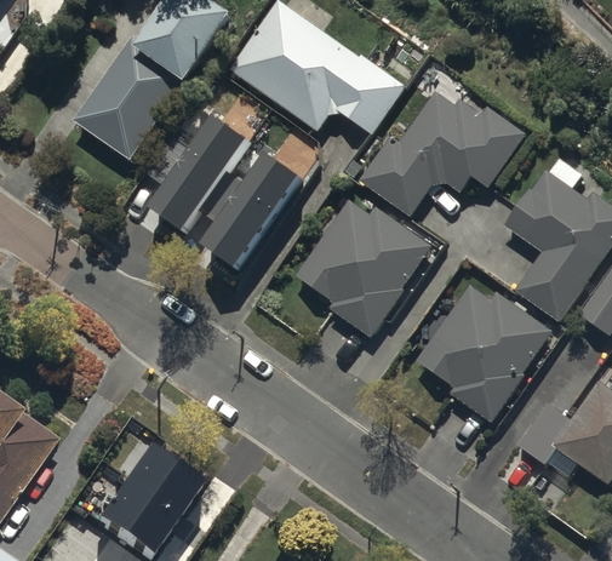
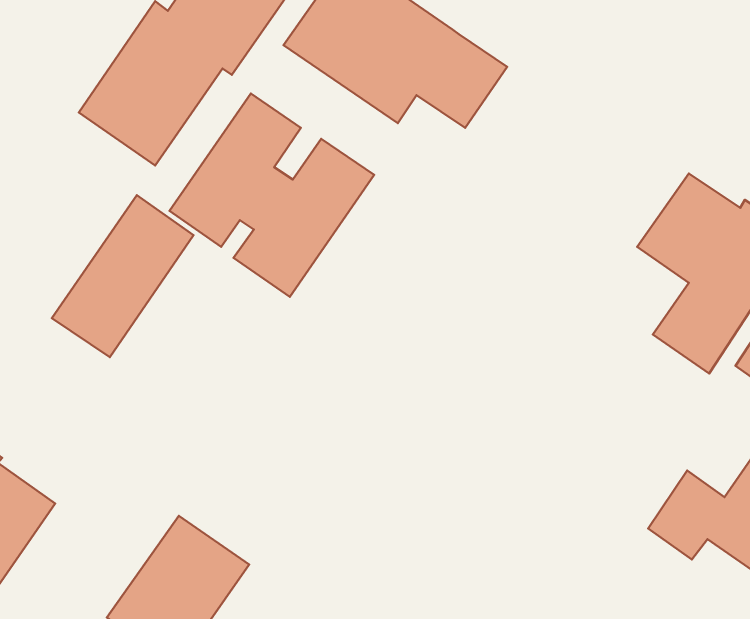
building: [360,93,526,218] -> none
building: none -> [52,195,193,357]
building: [297,202,433,337] -> none
building: [416,287,555,424] -> none

